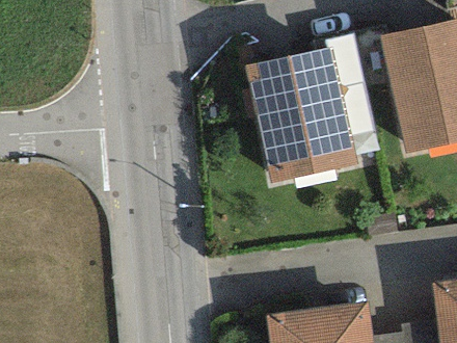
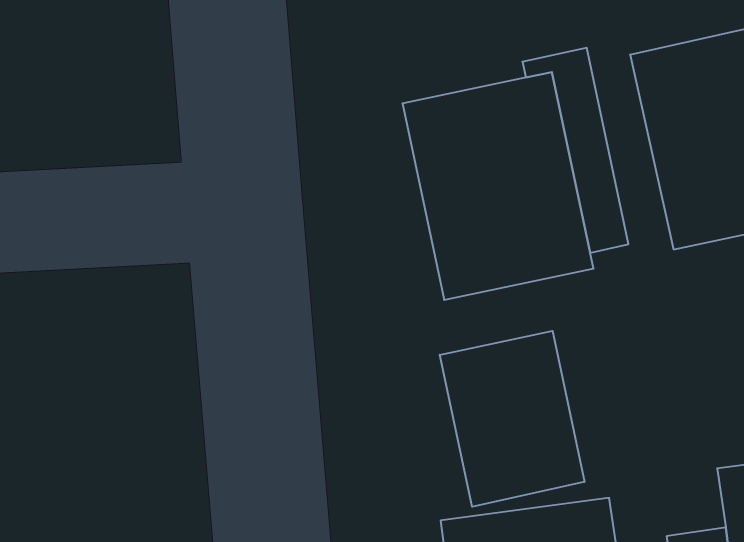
building: none -> [440,331,584,507]

